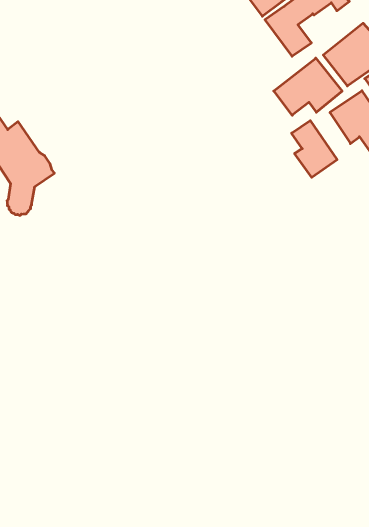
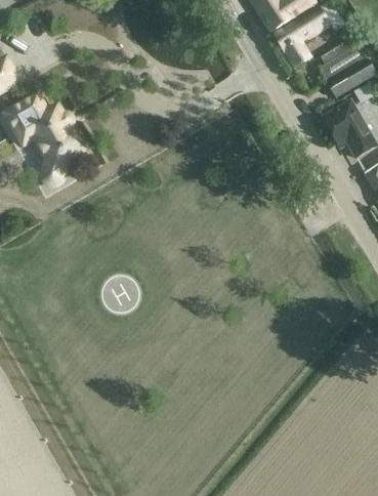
building: [274,58,342,115] -> none
building: [292,121,337,177] -> none

